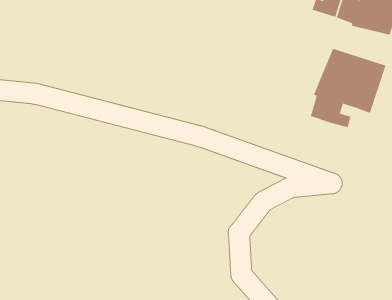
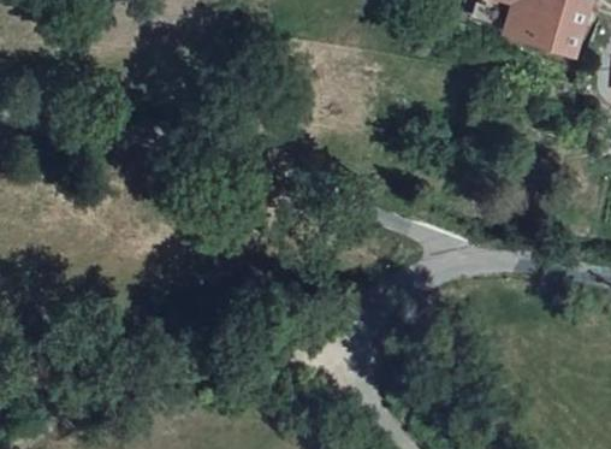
building: [310,48,386,128] -> none

